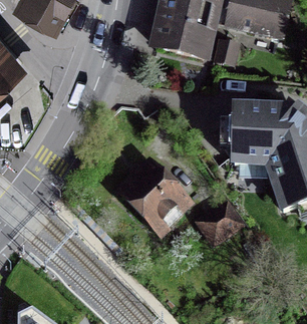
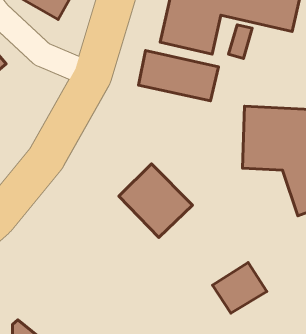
building: none -> [139,50,218,101]
building: [194,201,244,248] -> [213,262,267,313]

